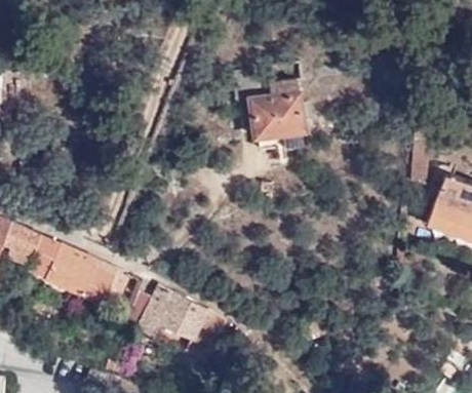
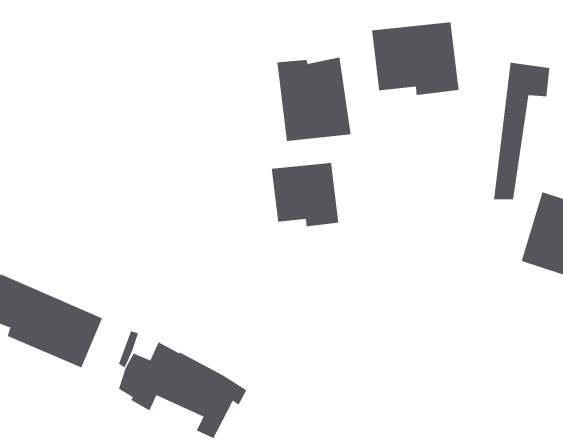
building: none -> [371,21,459,96]
building: none -> [271,162,339,227]

